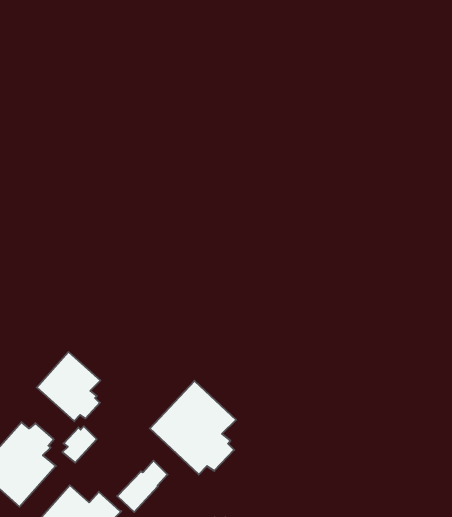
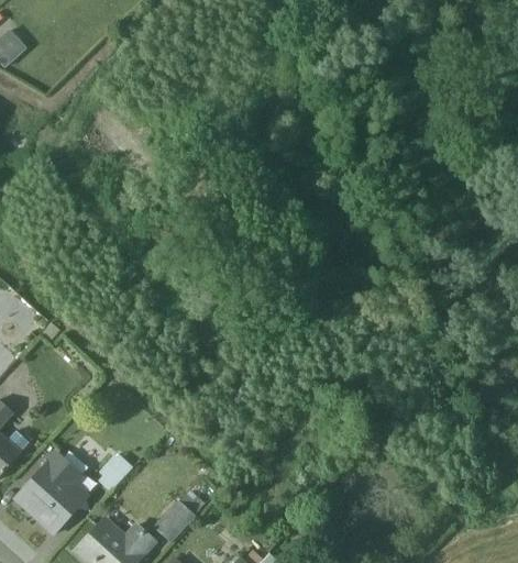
building: [37,352,100,421] -> none
building: [150,381,236,475] -> none

